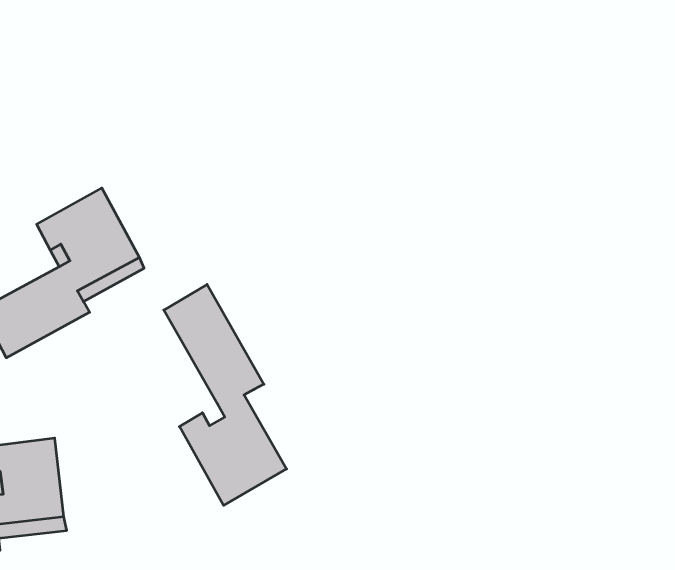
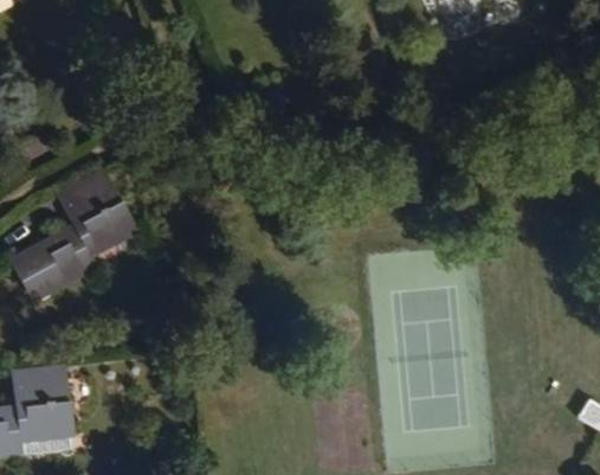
building: [164,284,287,505] -> none

